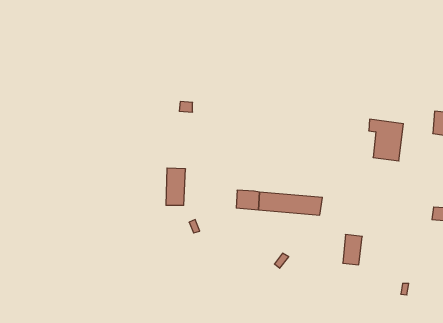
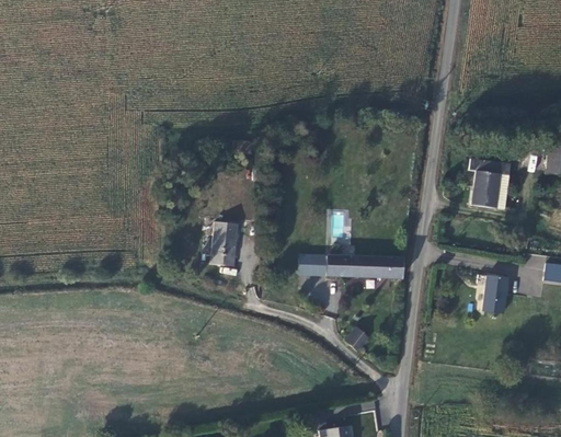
building: [343,235,362,265] -> [480,281,504,319]

